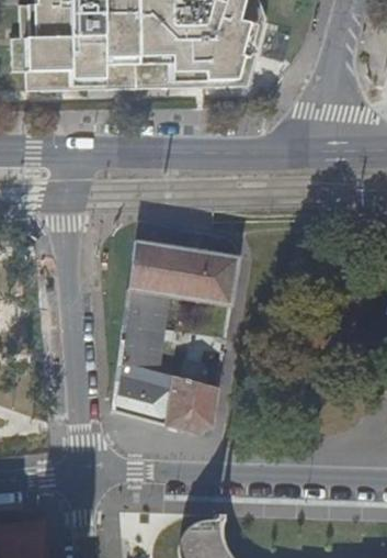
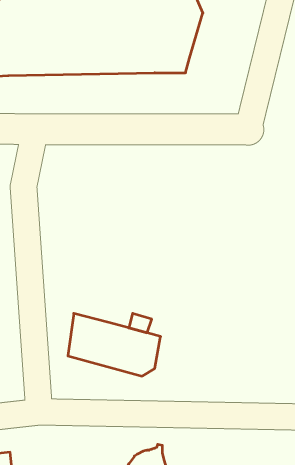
building: [121,241,239,371] -> none

